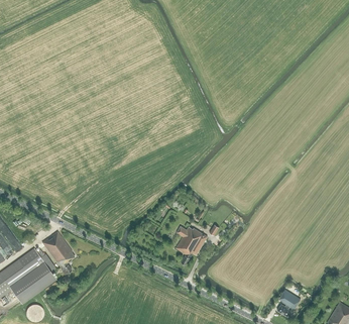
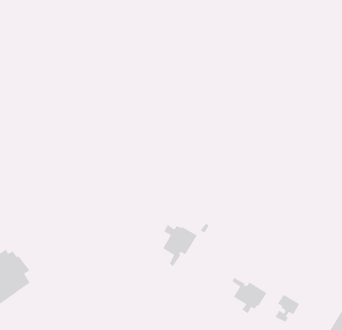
building: [42,230,75,274] -> none
building: none -> [232,277,268,314]

